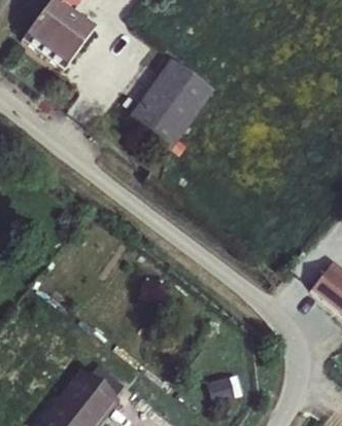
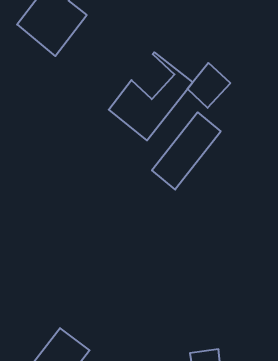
building: [148,67,195,115] -> [187,63,230,108]
building: none -> [152,112,221,190]

